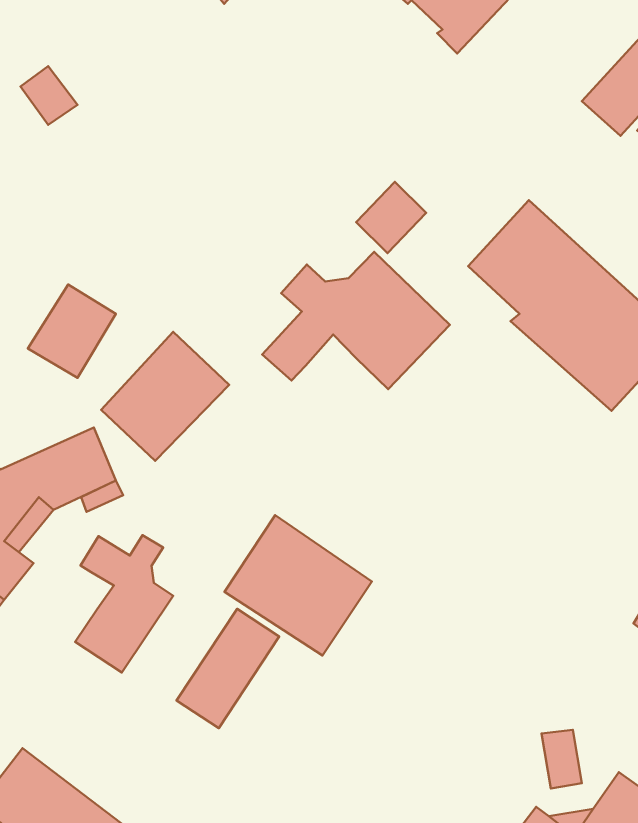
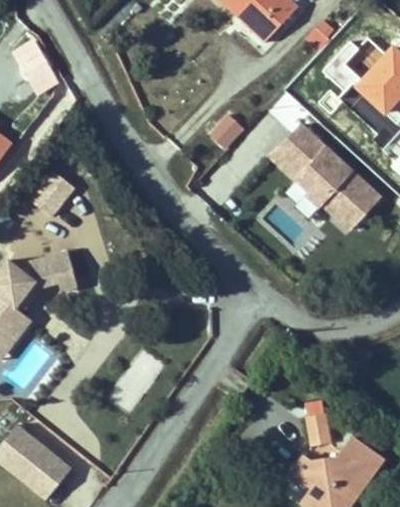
building: [262,252,450,389] -> none
building: [101,332,229,461] -> none
building: [224,515,372,655] -> none
building: [75,535,173,673] -> none

